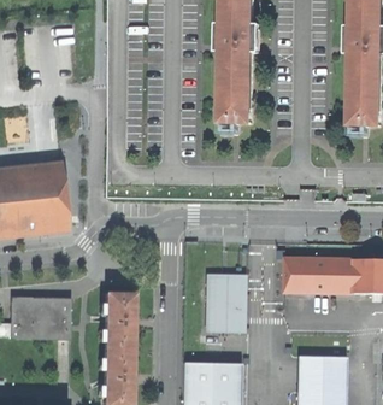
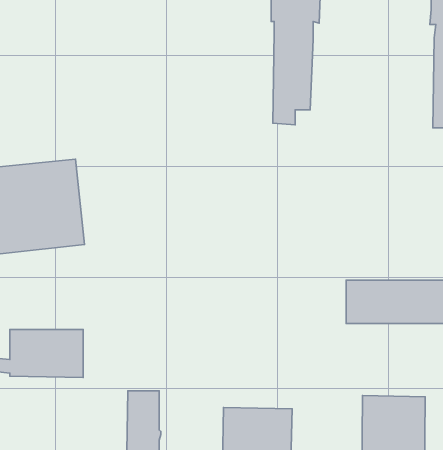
building: [204,272,246,331] -> none
building: [107,292,135,348] -> none

